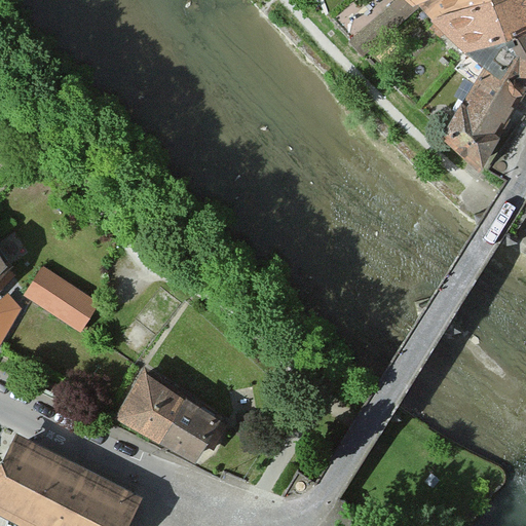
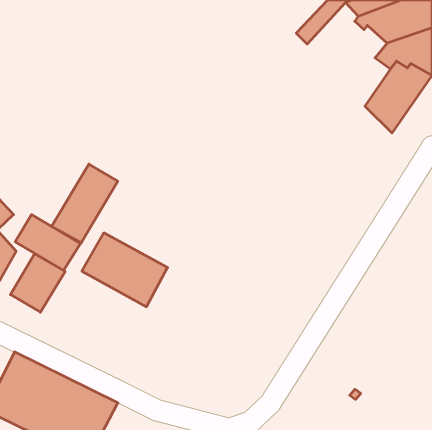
building: none -> [52,164,118,243]
building: none -> [10,254,65,312]
building: [119,374,223,463] -> [82,233,168,307]

